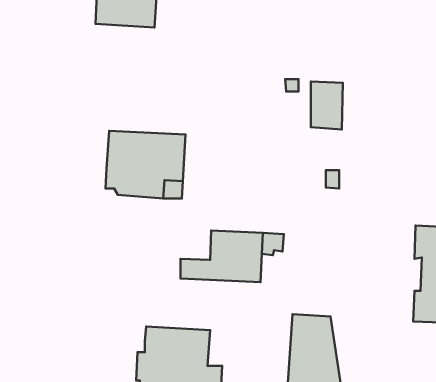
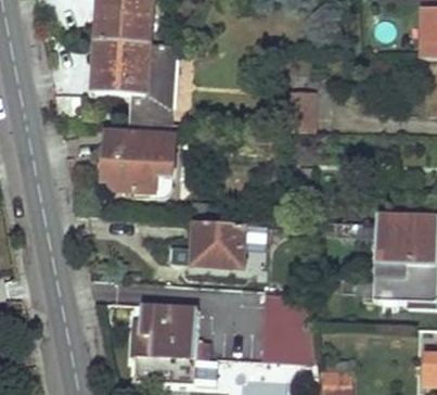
building: none -> [90,38,175,123]

